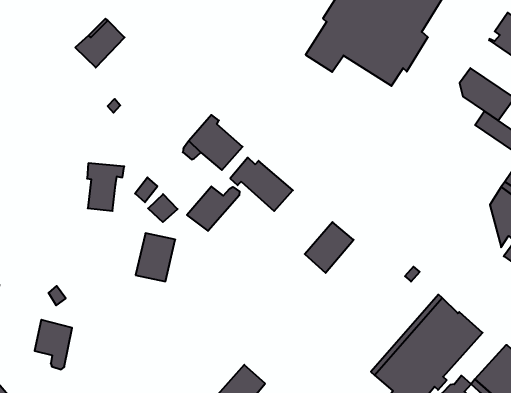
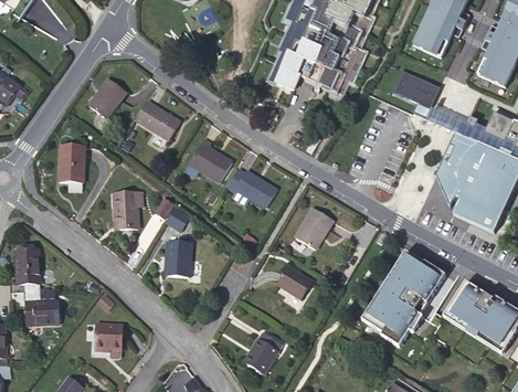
building: none -> [135,103,180,139]
building: none -> [59,144,84,189]
building: [187,186,240,231] -> none
building: none -> [278,267,310,297]

